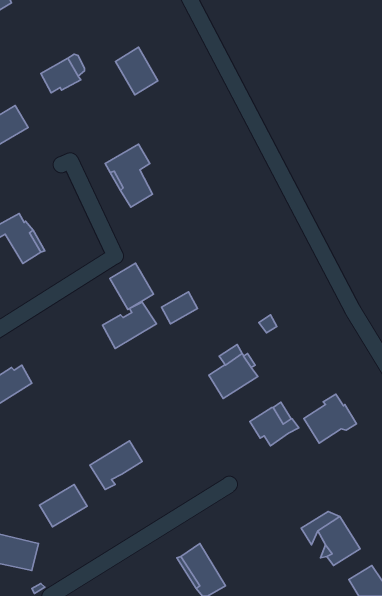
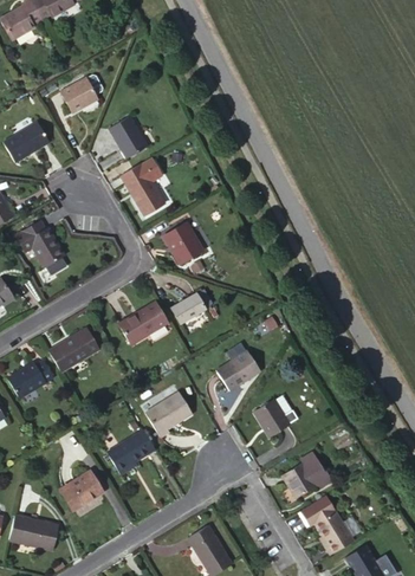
building: [115,47,158,95] -> [109,116,148,160]
building: [110,263,154,309] -> [163,222,203,265]
building: none -> [50,329,99,373]
building: [304,394,356,443] -> [283,453,331,498]
building: none -> [145,391,193,438]

